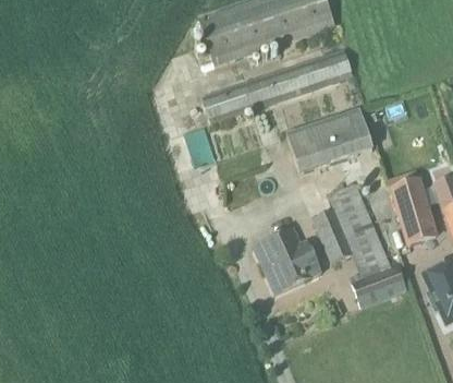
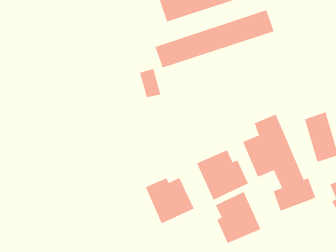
building: [286,106,375,172] -> none
building: none -> [145,177,195,224]
building: none -> [215,191,261,244]

